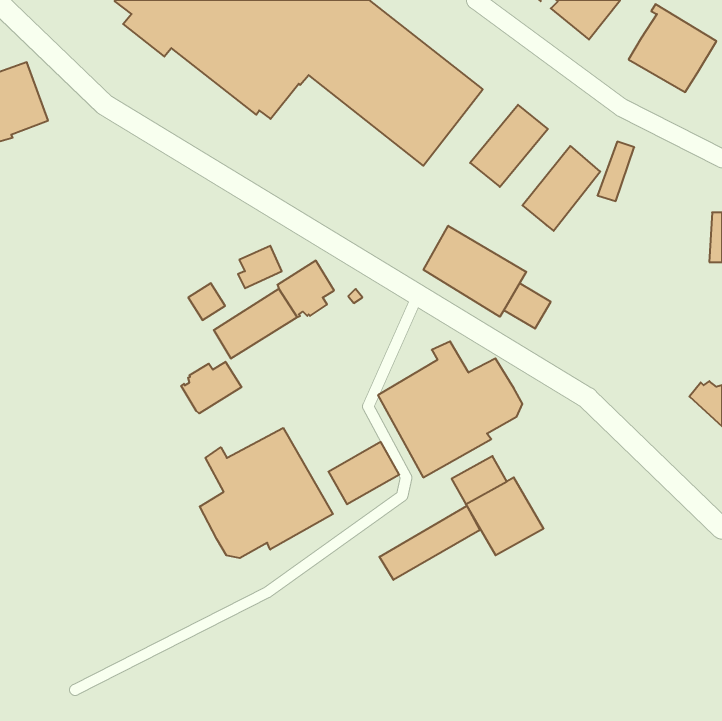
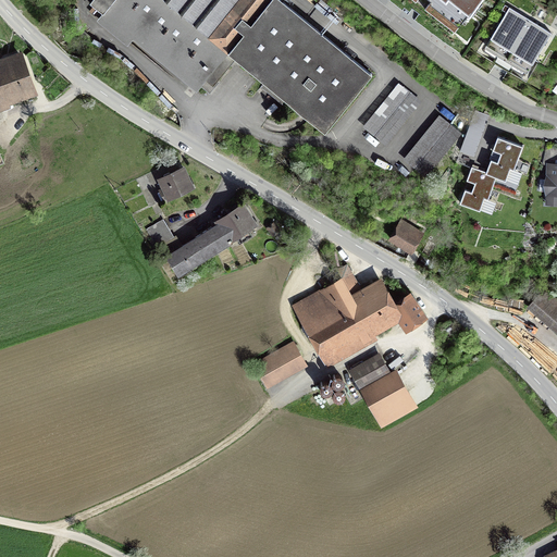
building: none -> [458,137,522,211]
building: [424,226,526,317] -> none
building: [238,246,282,288] -> [158,169,191,201]
building: [181,362,241,413] -> none
building: none -> [395,292,428,333]
building: [200,428,333,558] -> none
building: [379,506,480,580] -> none

